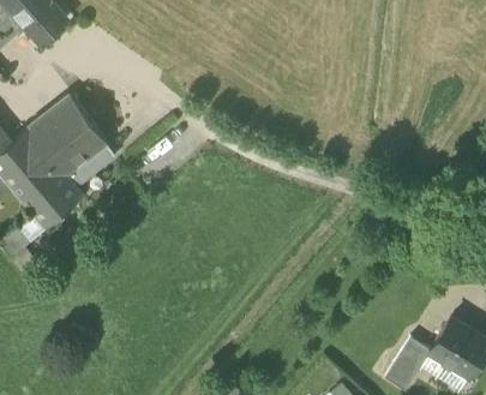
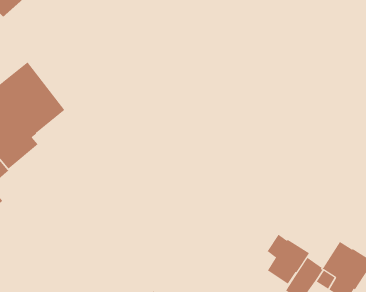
building: none -> [267,234,310,285]

